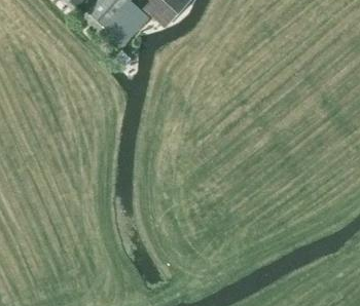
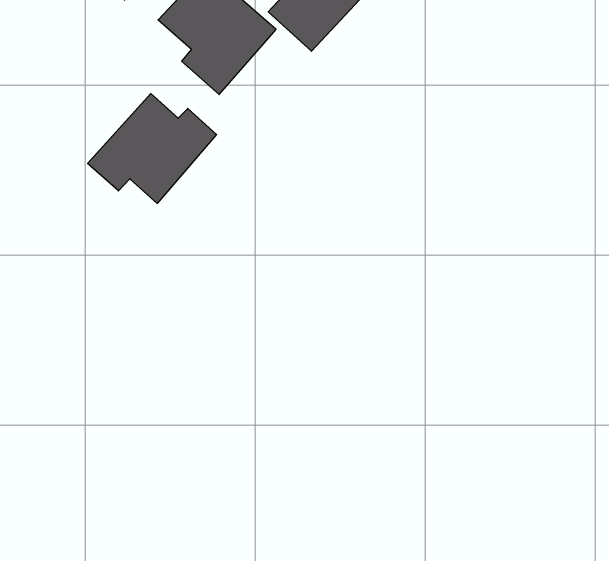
building: none -> [88,94,217,203]

